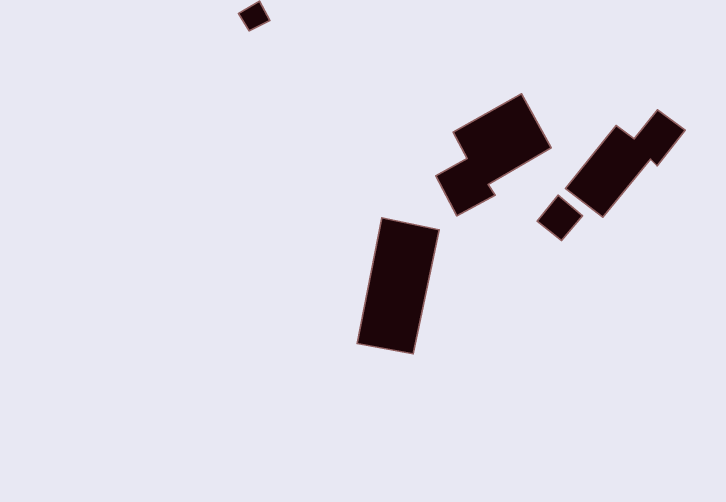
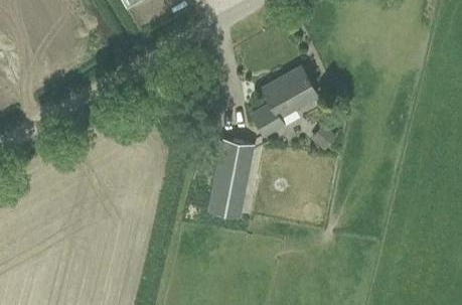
building: [566,110,685,217] -> none

